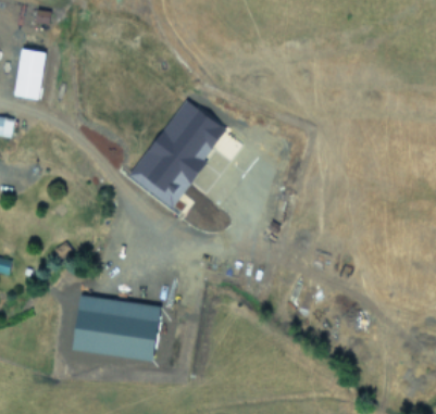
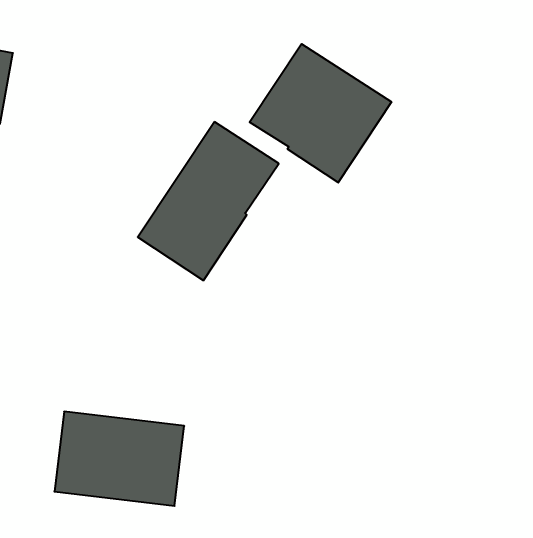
building: none -> [250,44,391,183]

